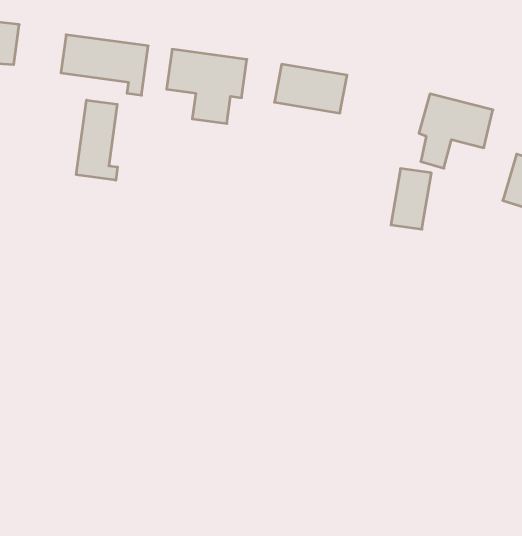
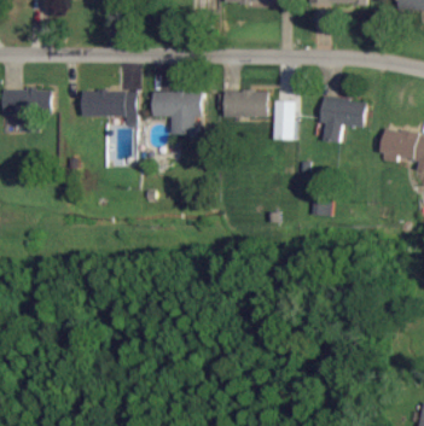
building: [76,100,118,180] -> none
building: [391,169,431,229] -> [272,101,294,139]

